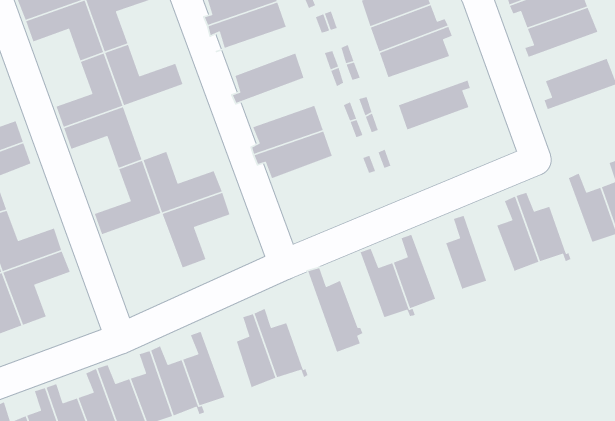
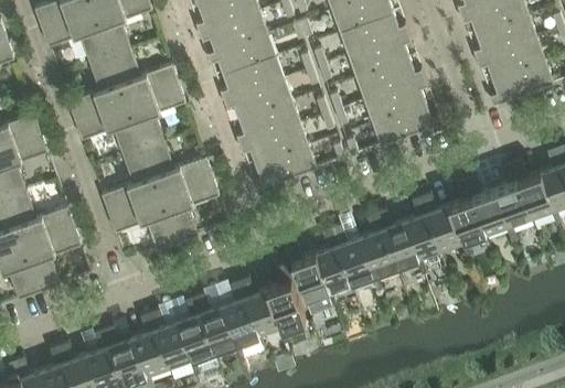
building: none -> [207,34,276,76]
building: none -> [477,39,545,80]
building: none -> [355,60,425,101]
building: none -> [224,78,292,120]
building: none -> [127,84,185,149]
building: none -> [372,104,441,147]
building: none -> [253,146,317,191]
building: none -> [495,164,532,229]
building: none -> [422,193,469,254]
building: none -> [108,195,178,250]
building: none -> [376,208,424,269]
building: none -> [315,228,352,293]
building: none -> [268,263,306,330]
building: none -> [194,293,242,354]

